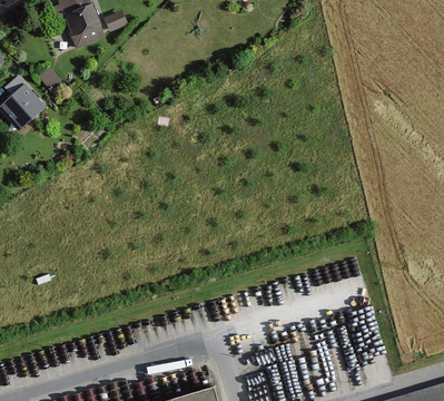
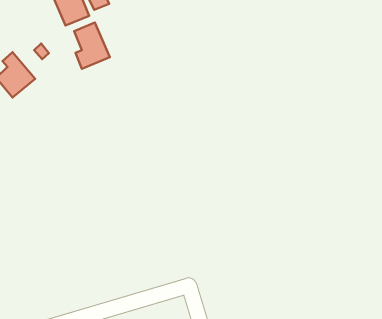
building: none -> [74,22,110,69]

